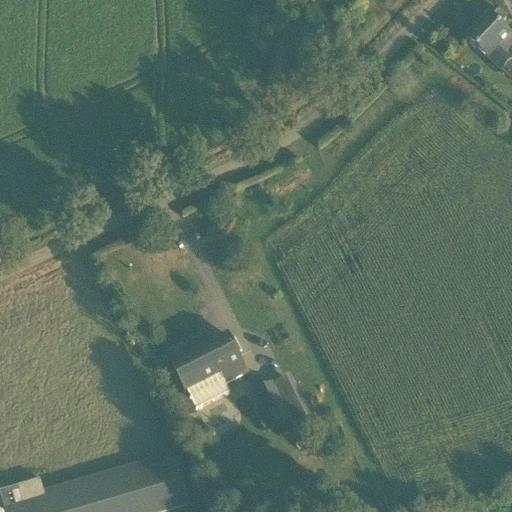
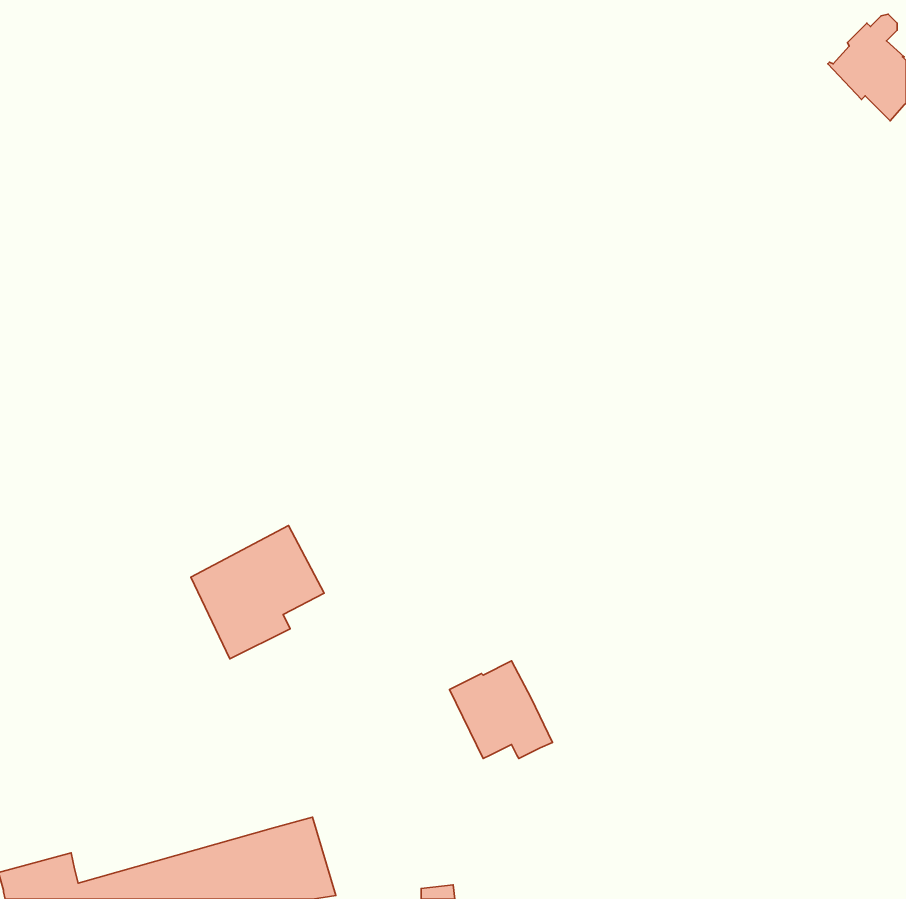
building: [171,332,246,407] -> [191,526,324,659]

